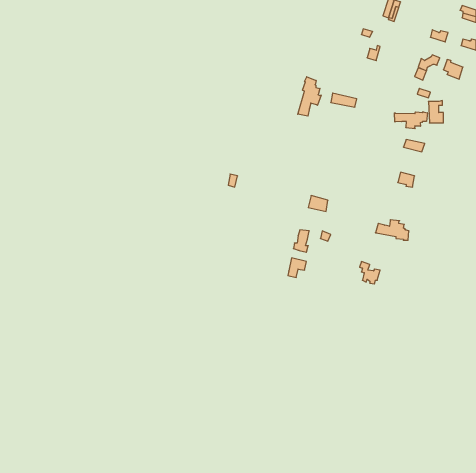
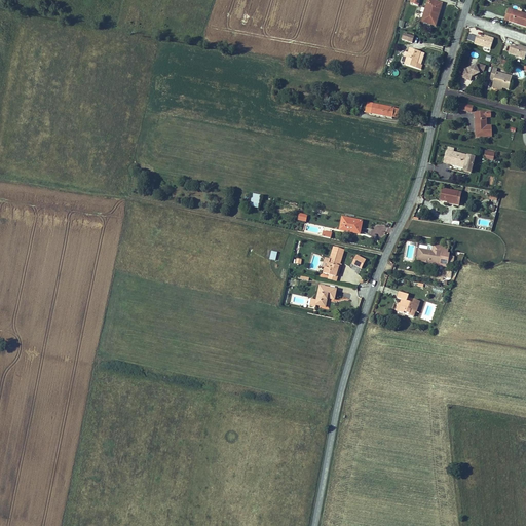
building: [298,77,321,116] -> none
building: [394,112,427,129] -> none

